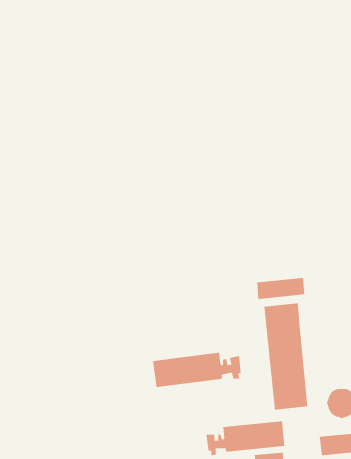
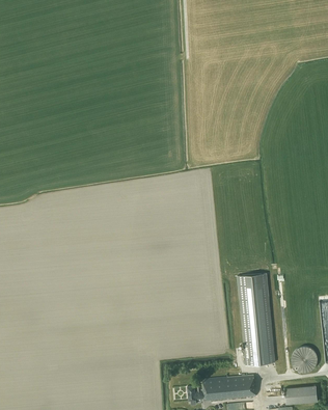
building: [257,277,305,300] -> none
building: [152,352,241,388] -> none

